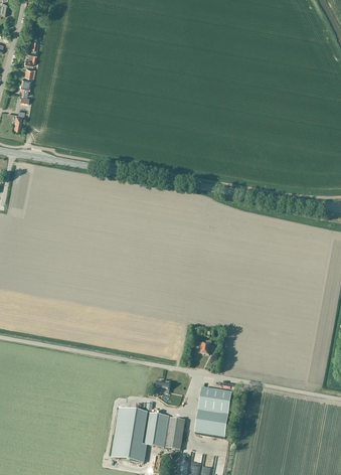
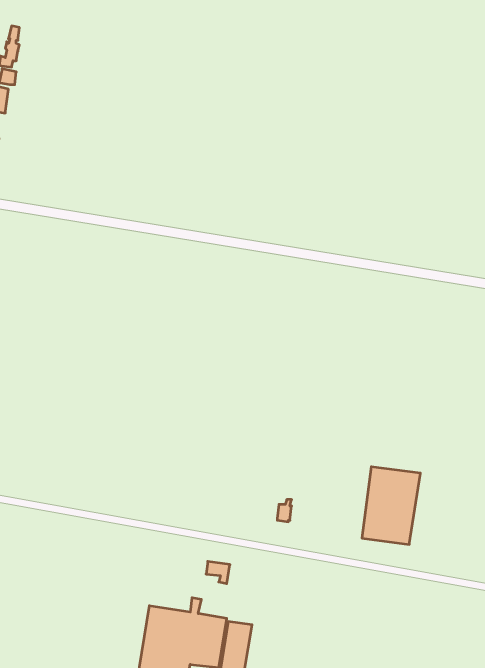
building: [195,387,232,437] -> [362,467,420,544]

